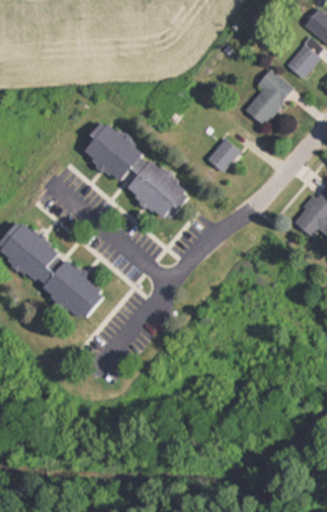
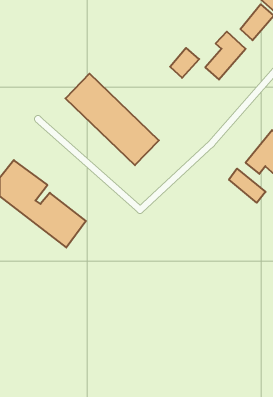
building: [207,137,241,172] -> [170,48,199,78]
building: none -> [229,169,266,203]

